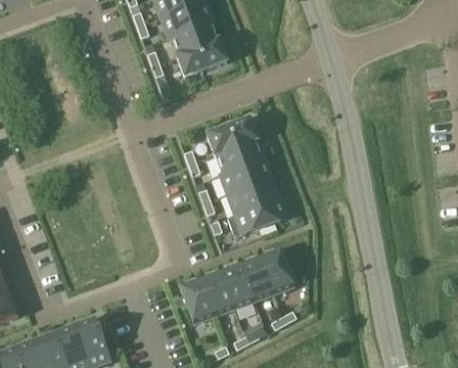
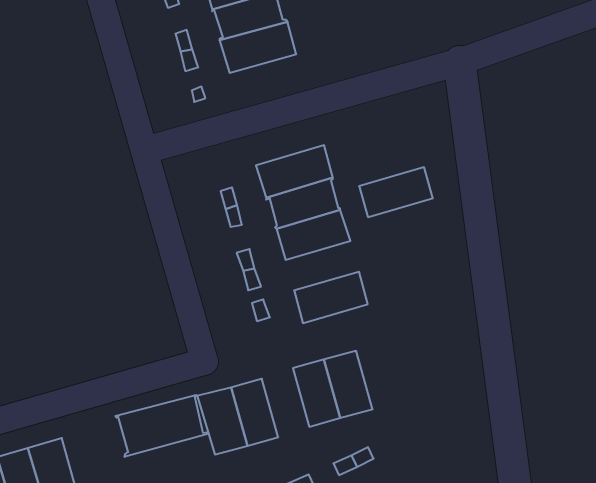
building: [229,178,277,213] -> [359,167,433,217]
building: [220,263,253,308] -> none
building: none -> [115,395,208,457]

